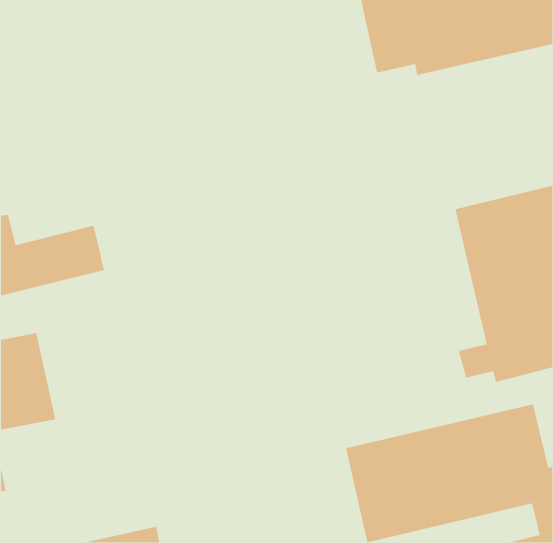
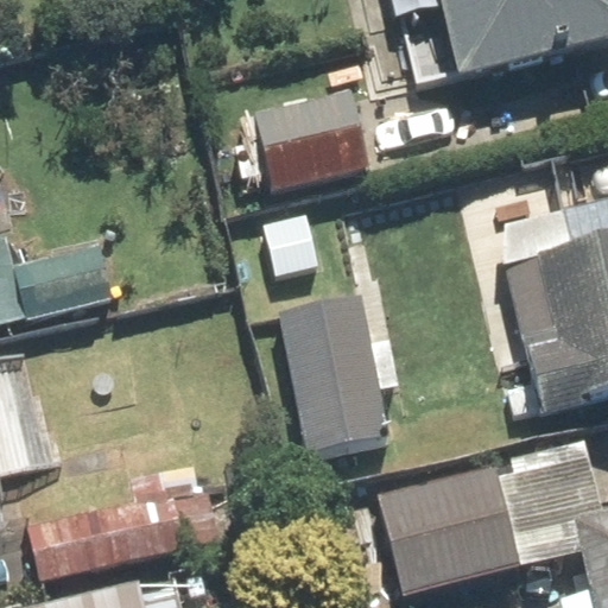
building: none -> [254,95,367,191]
building: none -> [279,299,404,458]
building: none -> [28,466,211,580]

